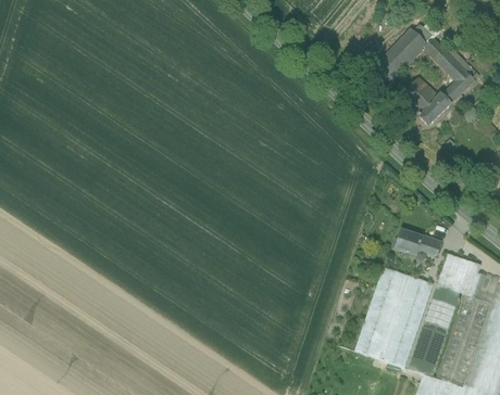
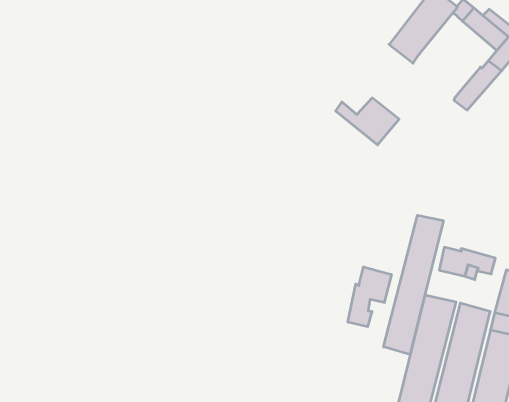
building: [389,78,438,115] -> [336,98,399,145]
building: none -> [384,215,443,355]
building: none -> [348,267,391,327]

